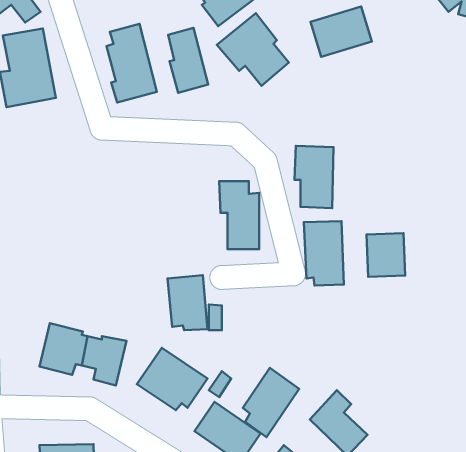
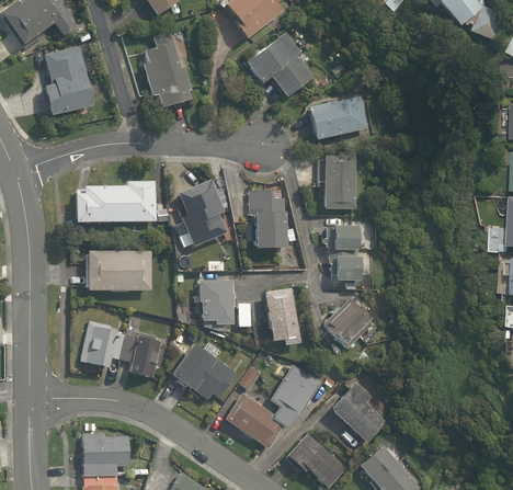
building: [311,6,372,57] -> [310,94,367,141]
building: [168,28,208,93] -> none
building: none -> [76,175,168,227]
building: none -> [174,178,228,249]
building: [367,233,405,277] -> none
building: none -> [89,250,149,292]
building: none -> [266,287,300,346]
building: none -> [322,295,372,343]

